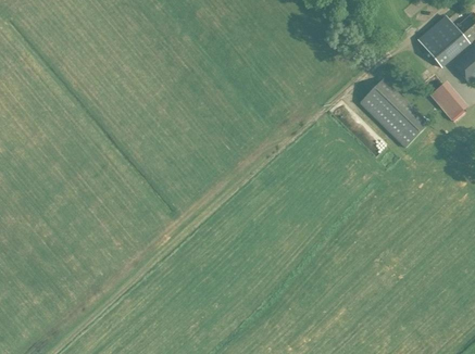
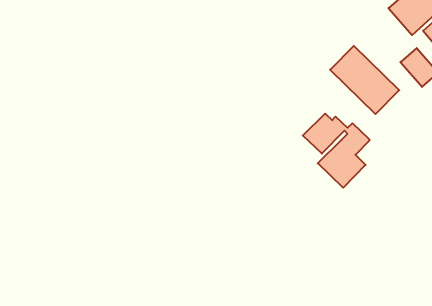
building: none -> [303,114,370,188]

